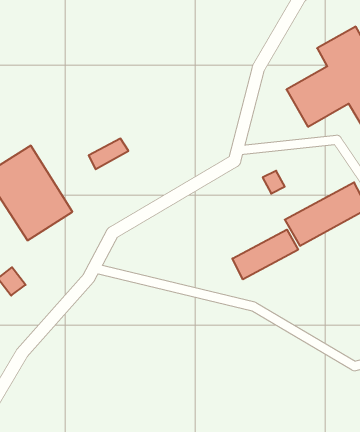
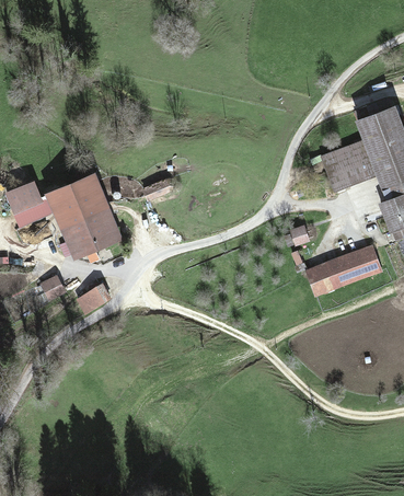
building: [232,230,298,279] -> none
building: none -> [79,284,112,312]

